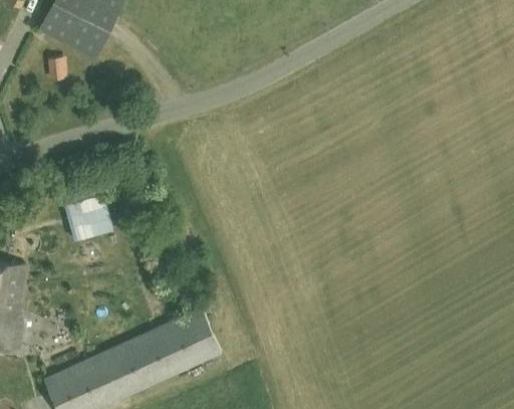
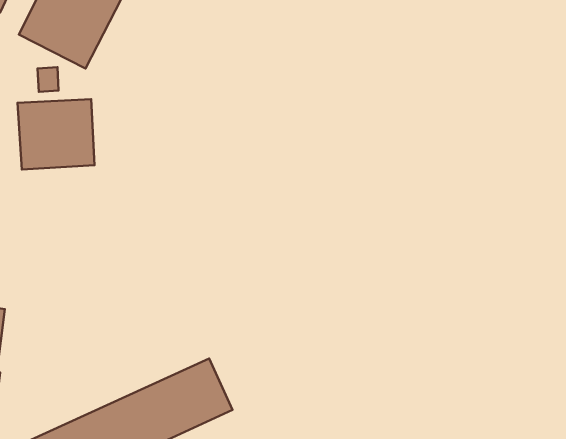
building: none -> [18,99,94,169]
building: [63,196,112,241] -> none

